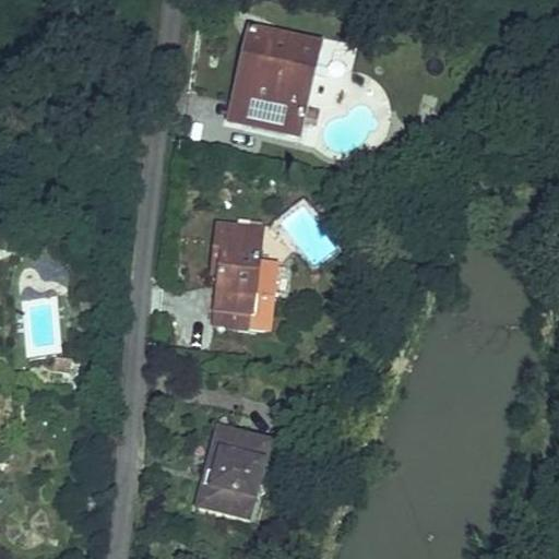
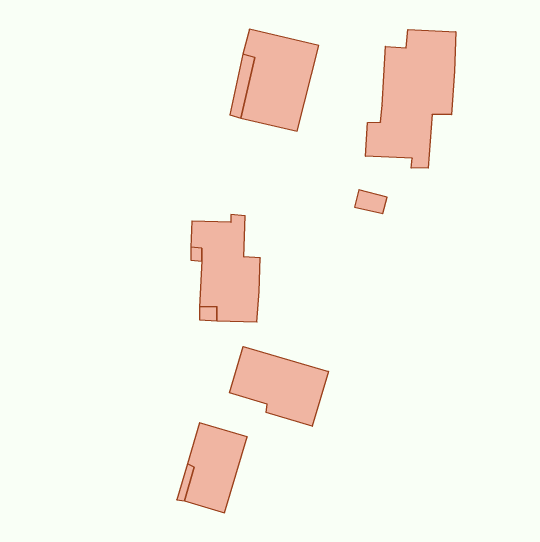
building: none -> [366,30,456,168]
building: none -> [230,347,328,426]

